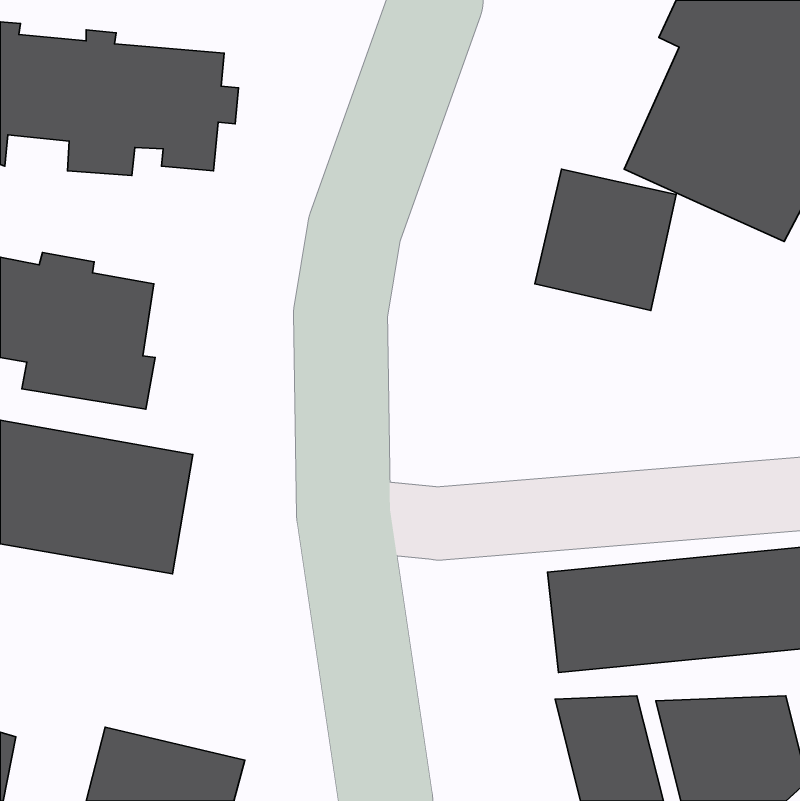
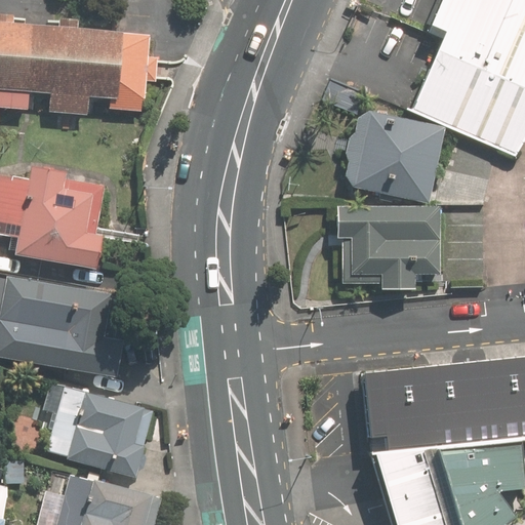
building: none -> [336,205,440,291]
building: none -> [44,386,152,476]

